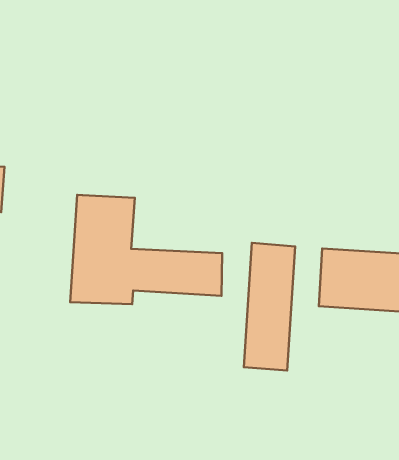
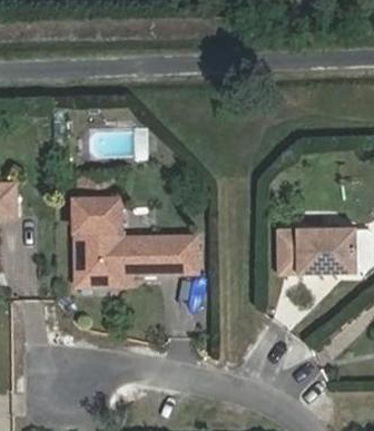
building: [244,243,295,371] -> none

